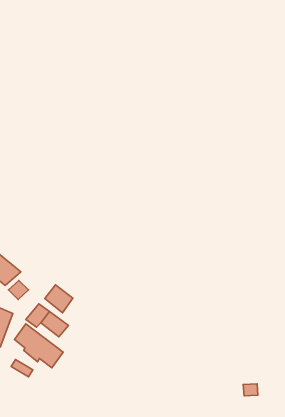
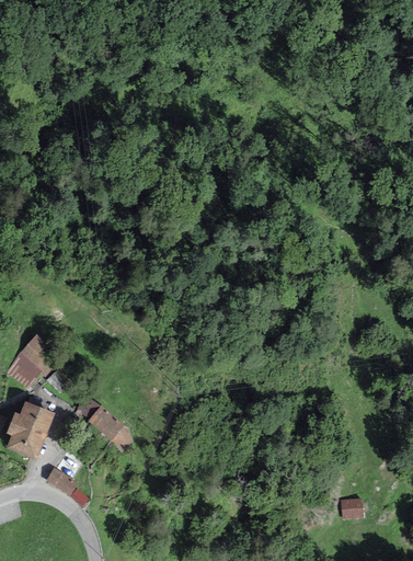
building: [45,285,73,313] -> none
building: [15,324,63,368] -> none

